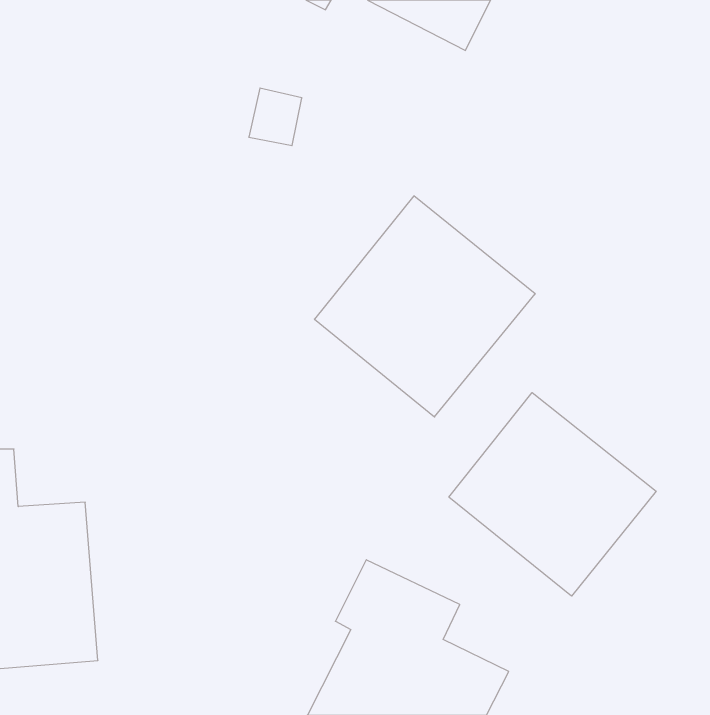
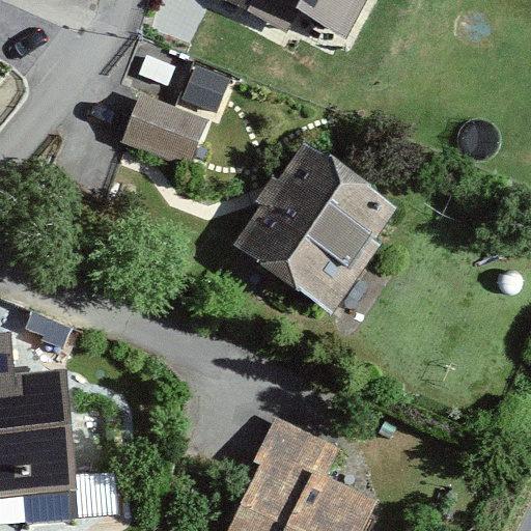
building: none -> [119,93,207,168]
building: [449,393,656,596] -> none

